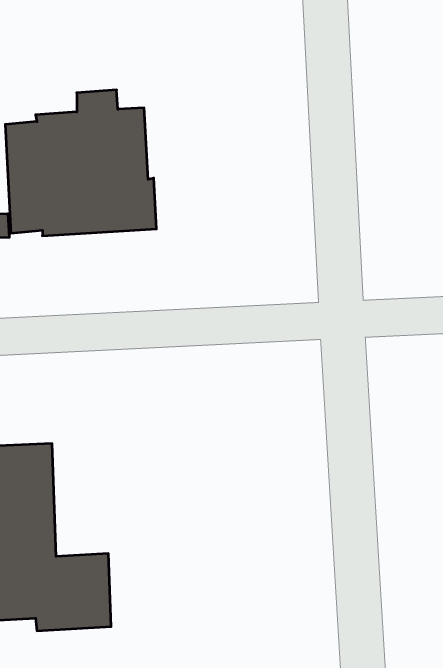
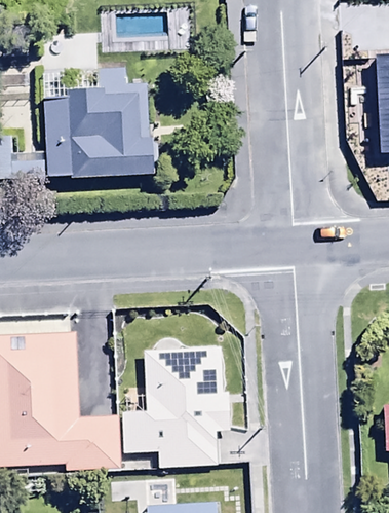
building: none -> [121,349,229,480]

